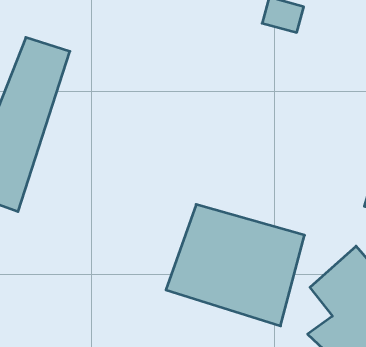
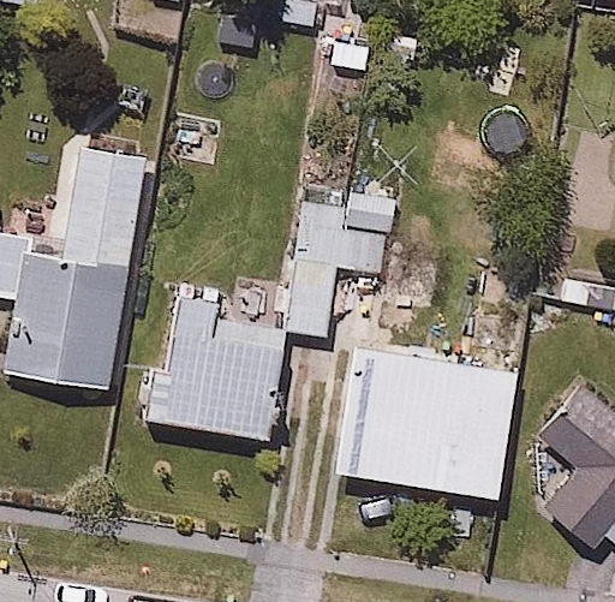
building: none -> [124,290,275,437]

